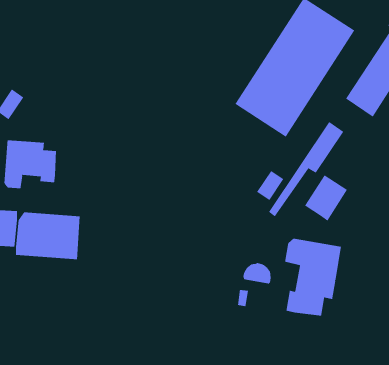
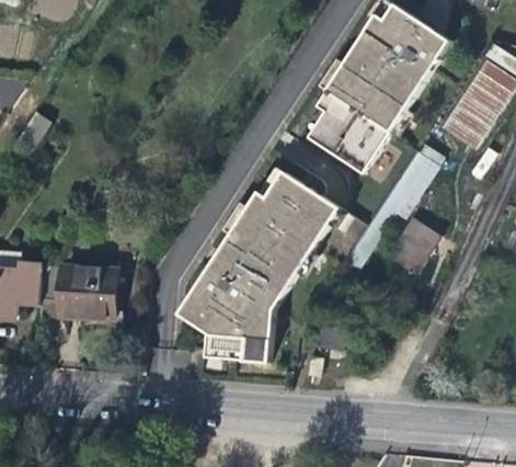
building: none -> [181,168,337,364]
building: [4,139,56,189] -> none
building: [285,238,342,316] -> none

